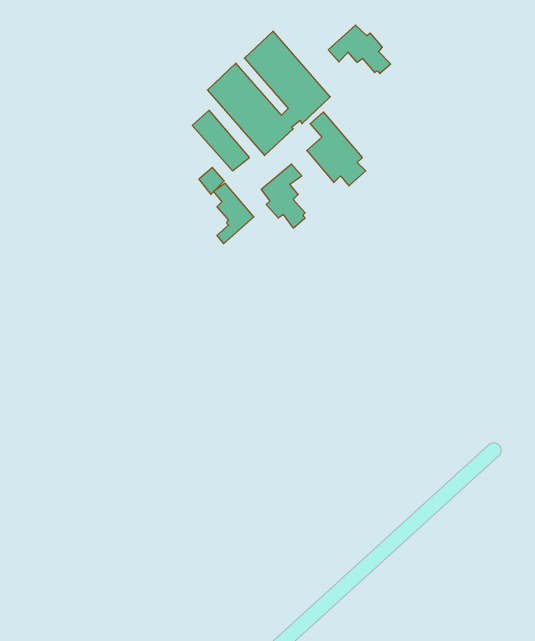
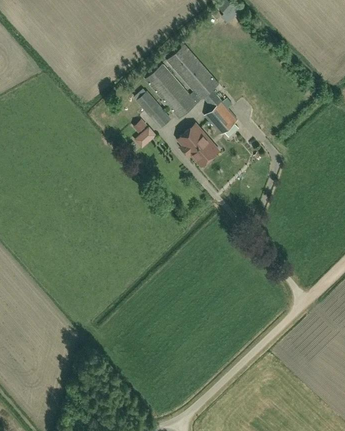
building: [328,25,391,74] -> none
building: [213,183,254,244] -> [194,131,218,167]

